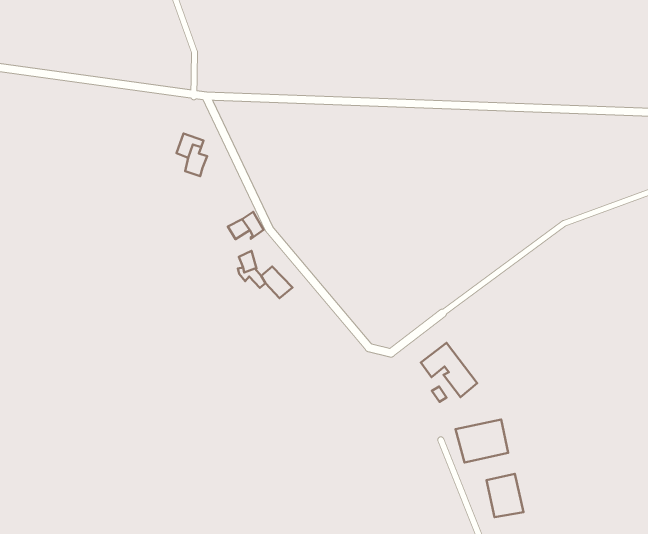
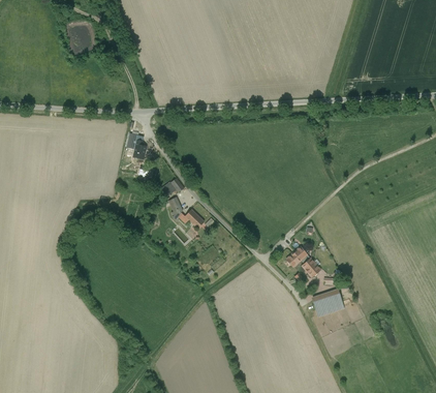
building: [486,474,523,517] -> none

